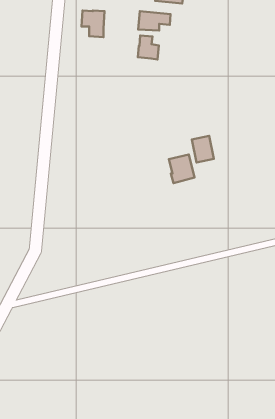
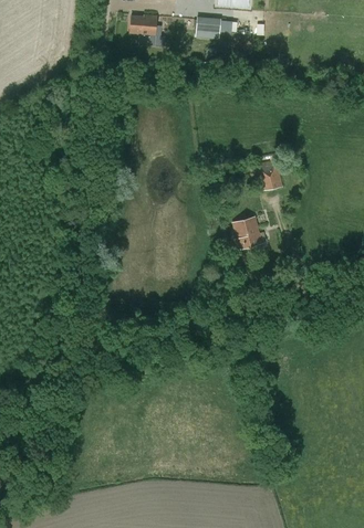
building: [138,35,159,60] -> none
building: [169,154,195,183] -> [232,217,262,250]

